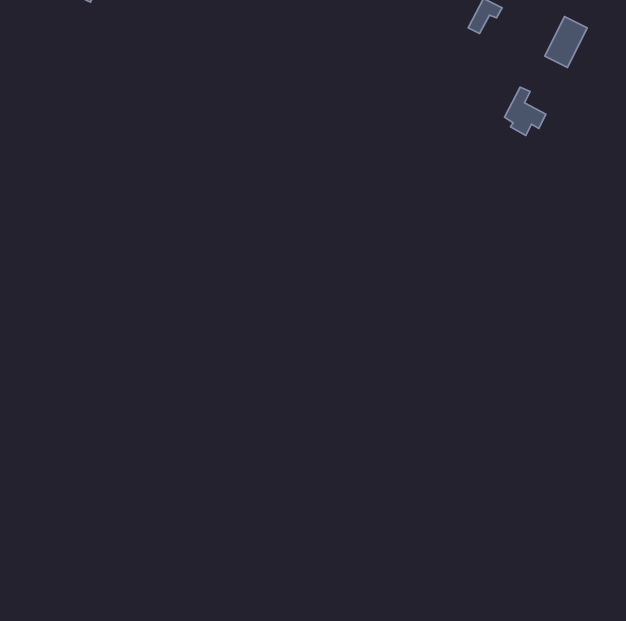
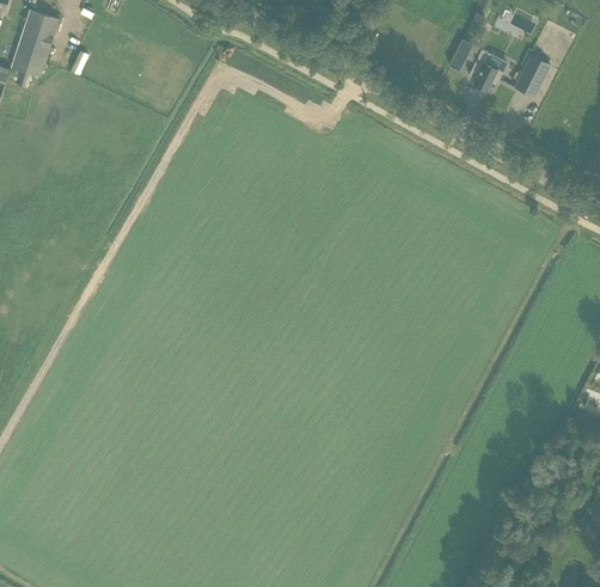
building: [505,87,546,135] -> [469,48,503,88]

